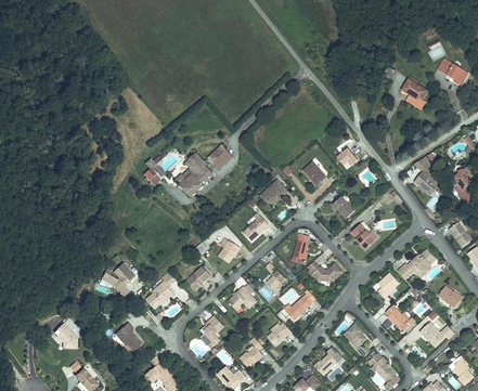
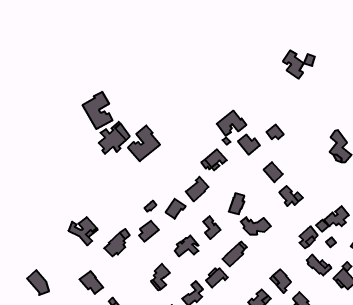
building: [400,78,425,112] -> [283,50,304,79]
building: none -> [83,92,112,129]
building: none -> [217,111,246,136]
building: [201,145,231,174] -> none

